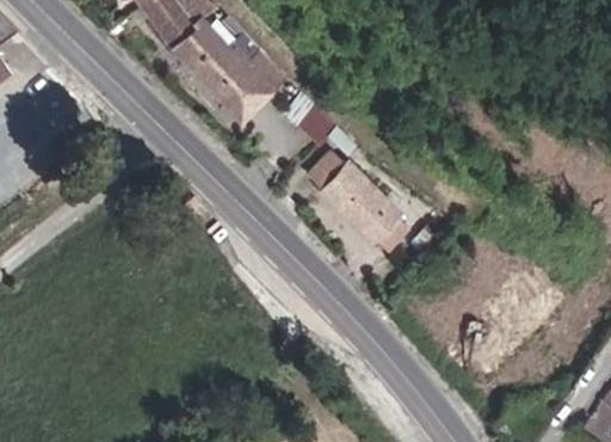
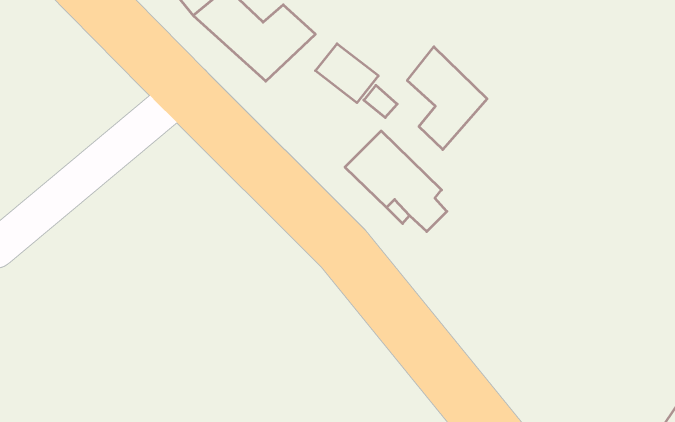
building: none -> [407,47,487,150]

